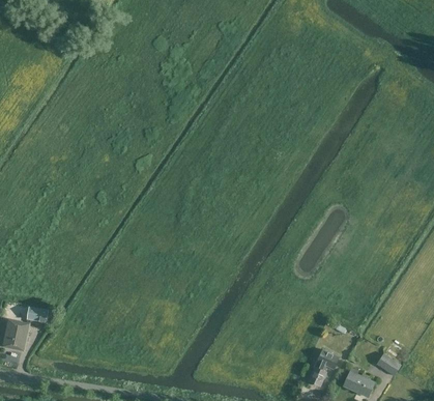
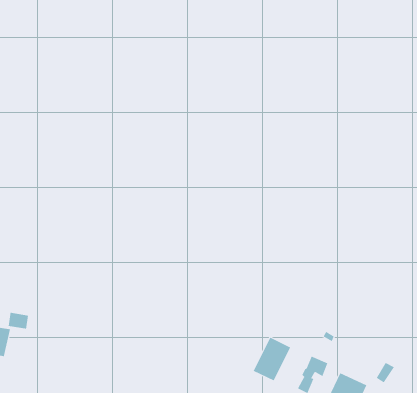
building: none -> [253,337,291,381]

